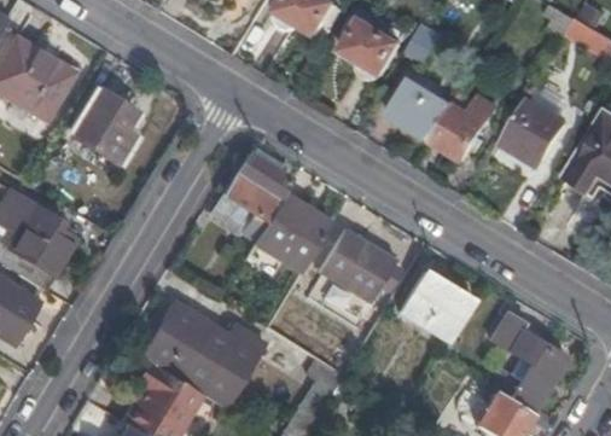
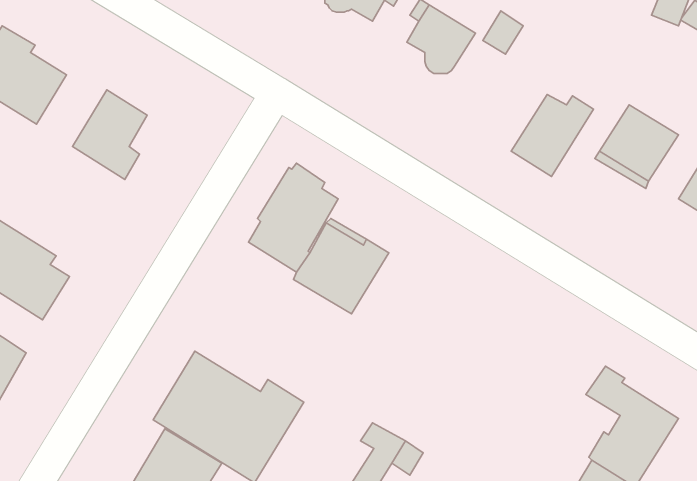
building: [390,80,449,139] -> none
building: [318,227,394,300] -> none
building: [397,269,472,341] -> none

